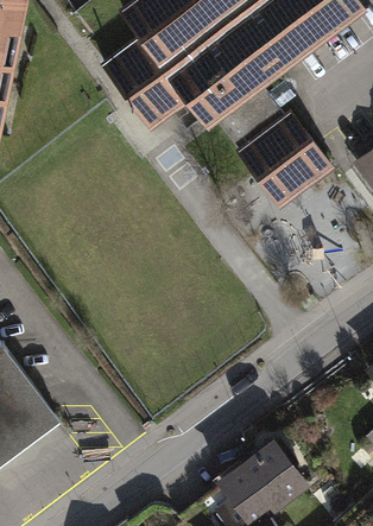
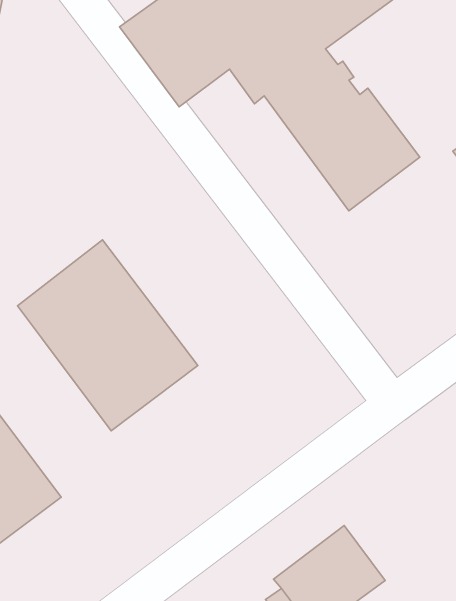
building: none -> [17,240,198,431]

